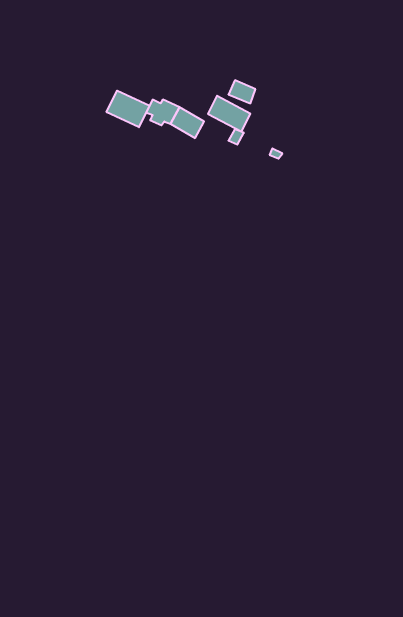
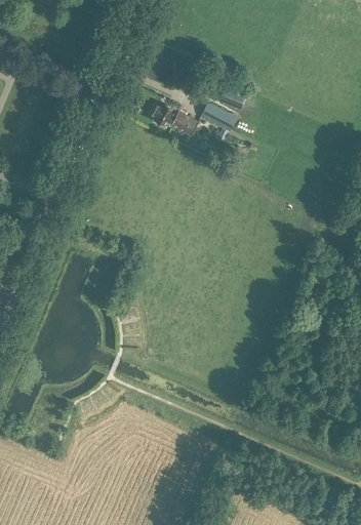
building: [107,91,150,127] -> none

